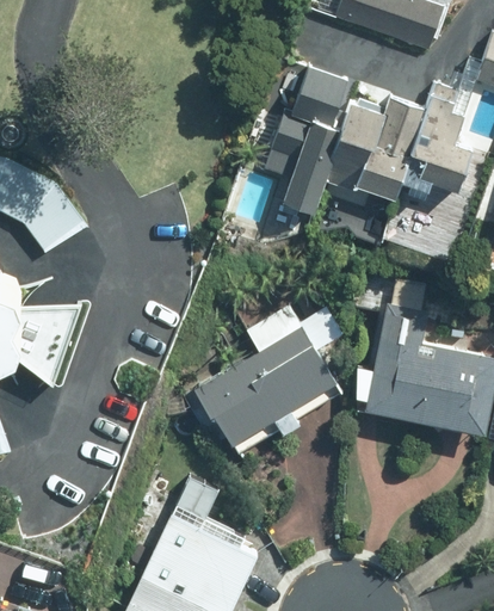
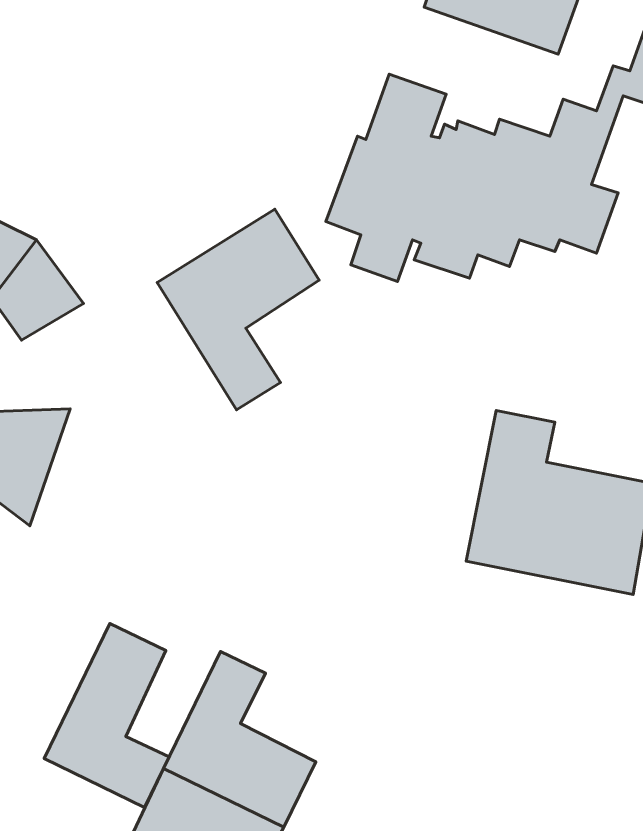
building: none -> [157,209,319,410]
building: [192,304,342,456] -> none
building: none -> [44,623,169,807]

